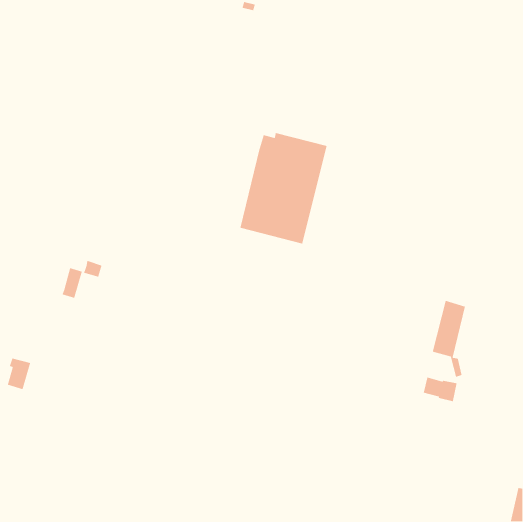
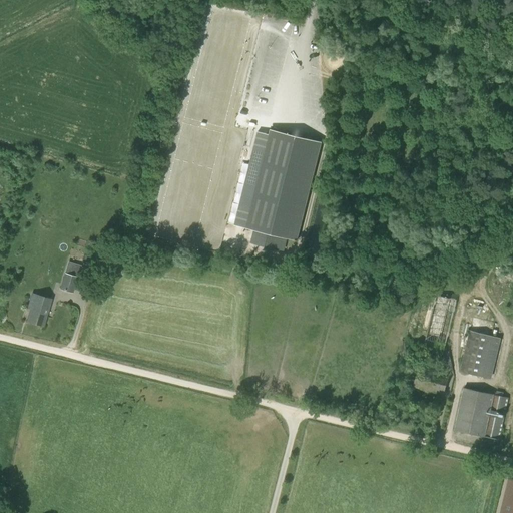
building: none -> [460,330,494,377]
building: [7,357,31,390] -> [27,294,51,326]
building: none -> [454,388,508,439]

